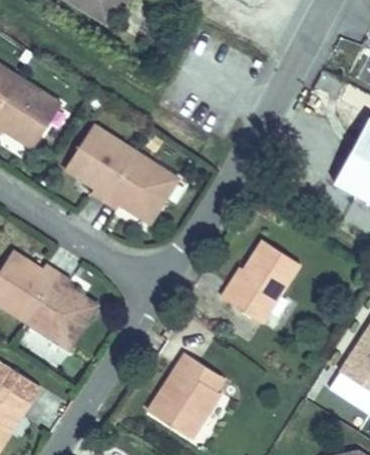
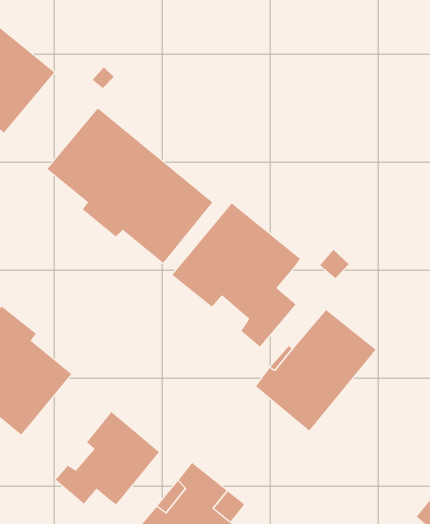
building: none -> [171,202,301,348]
building: none -> [55,411,160,505]

